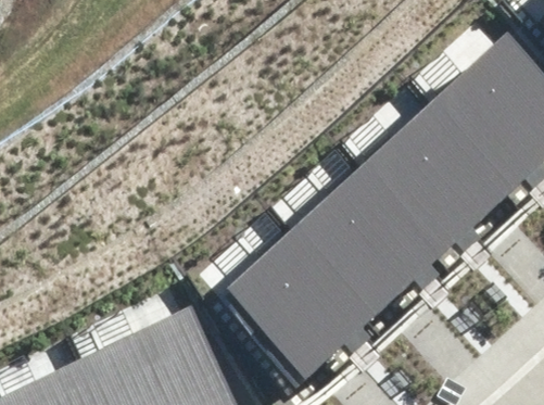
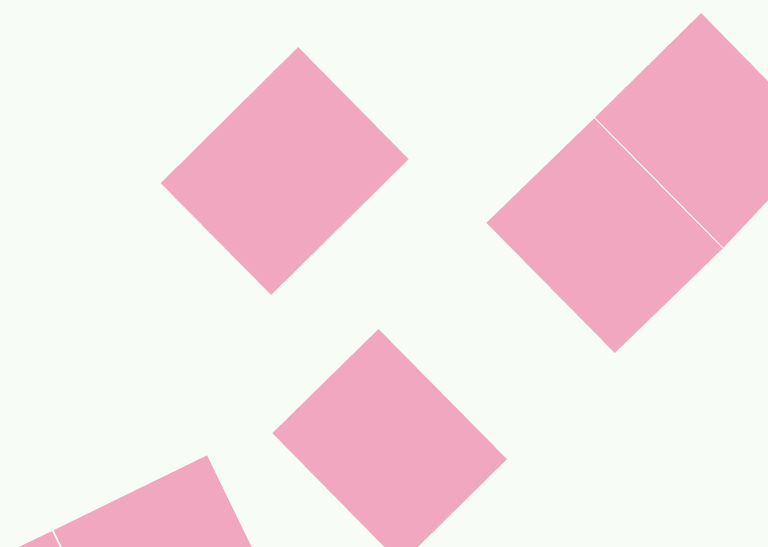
building: none -> [160,46,409,296]
building: [295,165,444,314] -> none

